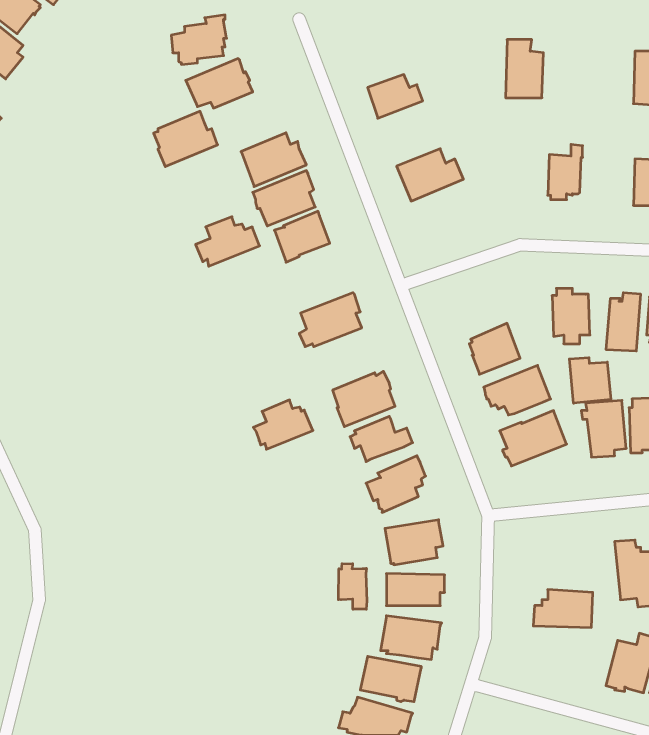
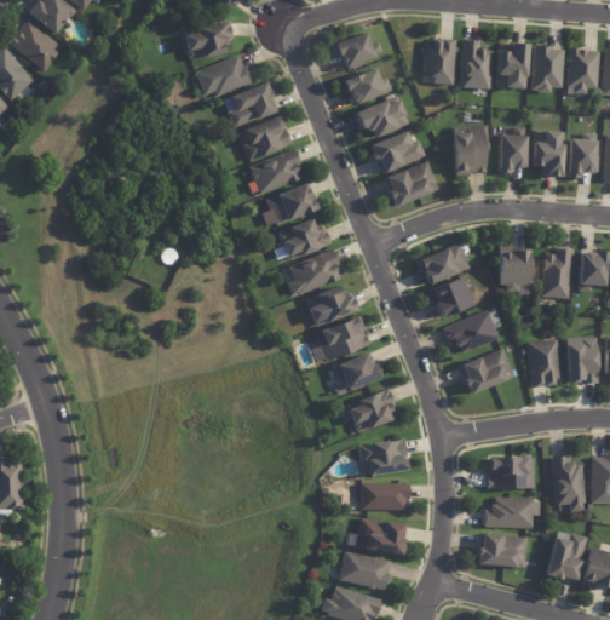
building: none -> [334,33,385,70]
building: none -> [422,39,456,85]
building: none -> [495,42,528,87]
building: none -> [531,46,563,91]
building: none -> [356,96,408,136]
building: [154,111,218,167] -> [228,82,281,128]
building: none -> [450,126,489,176]
building: none -> [531,130,564,176]
building: none -> [384,160,438,206]
building: [196,217,260,266] -> [278,219,332,260]
building: none -> [415,242,468,283]
building: [569,358,611,403] -> none
building: [253,400,313,449] -> [307,285,357,326]
building: none -> [485,458,533,490]
building: [338,564,367,609] -> none
building: none -> [474,535,526,569]

